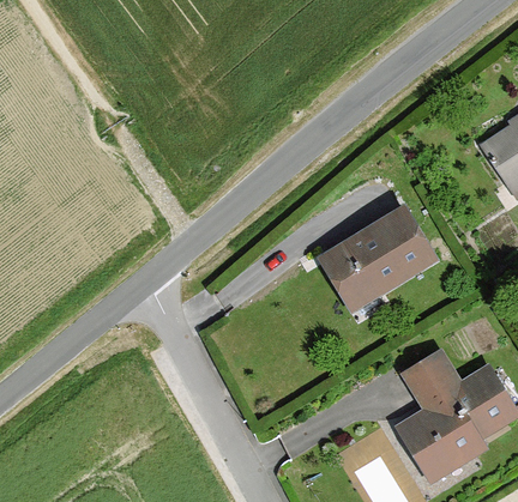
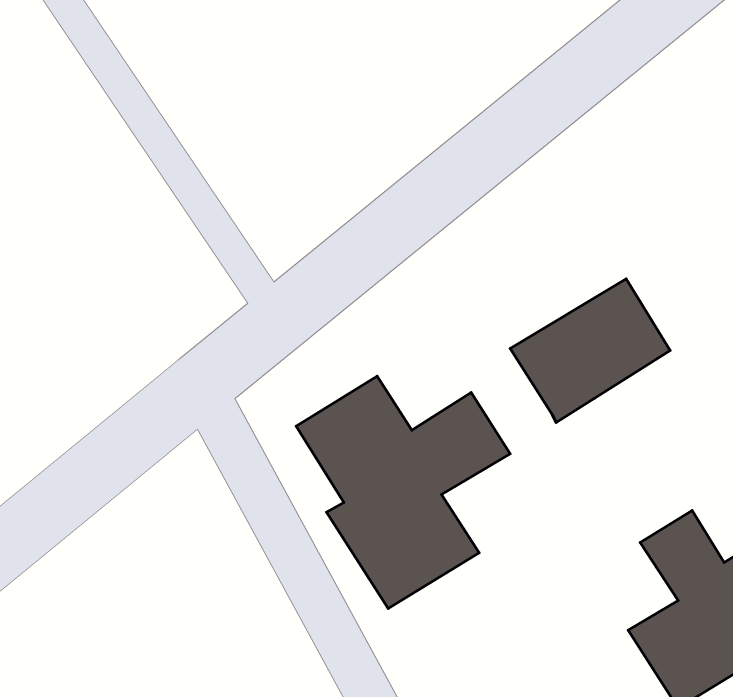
building: none -> [296,376,510,608]

